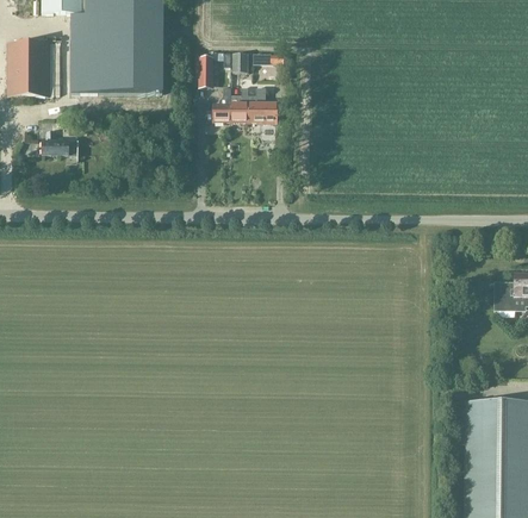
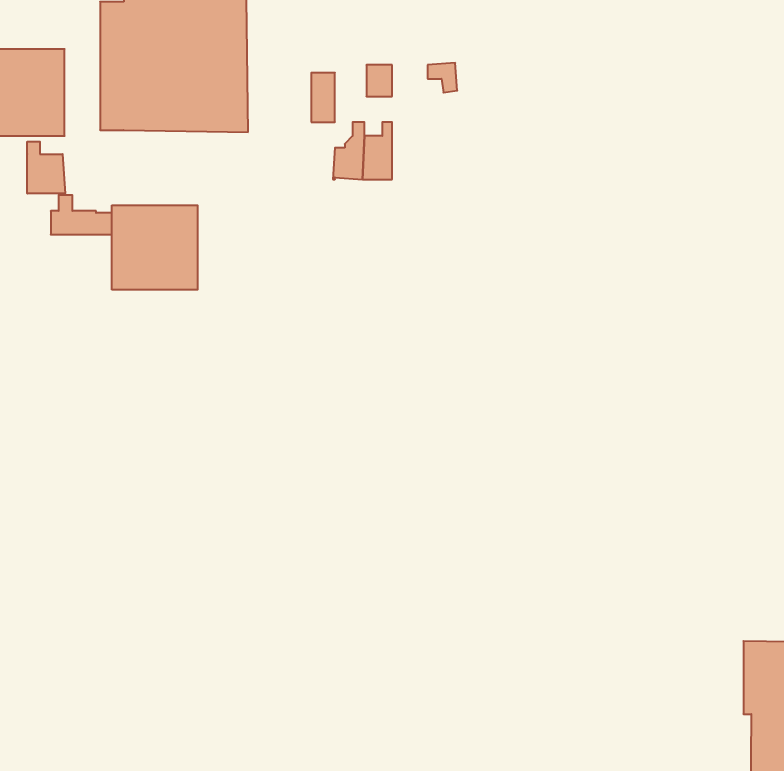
building: [249,86,267,120] -> none
building: none -> [27,142,65,194]
building: none -> [112,205,198,290]

